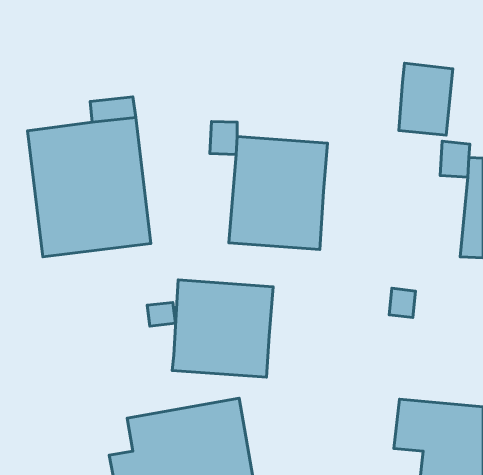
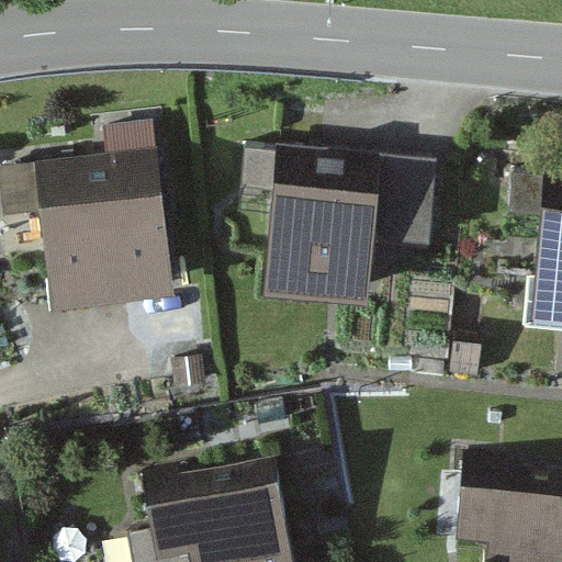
building: [399,63,453,135] -> [374,155,437,238]
building: [172,280,273,377] -> none

